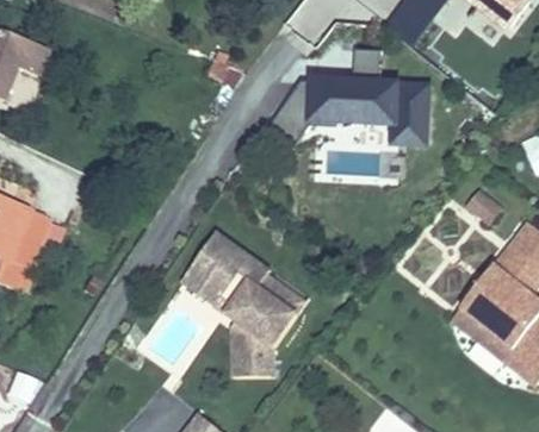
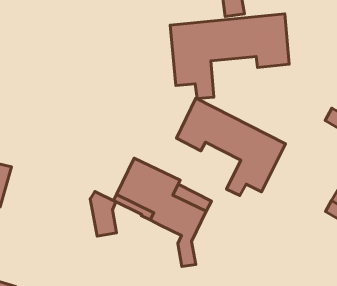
building: none -> [176,98,285,196]
building: [228,319,260,376] -> [90,191,117,236]

